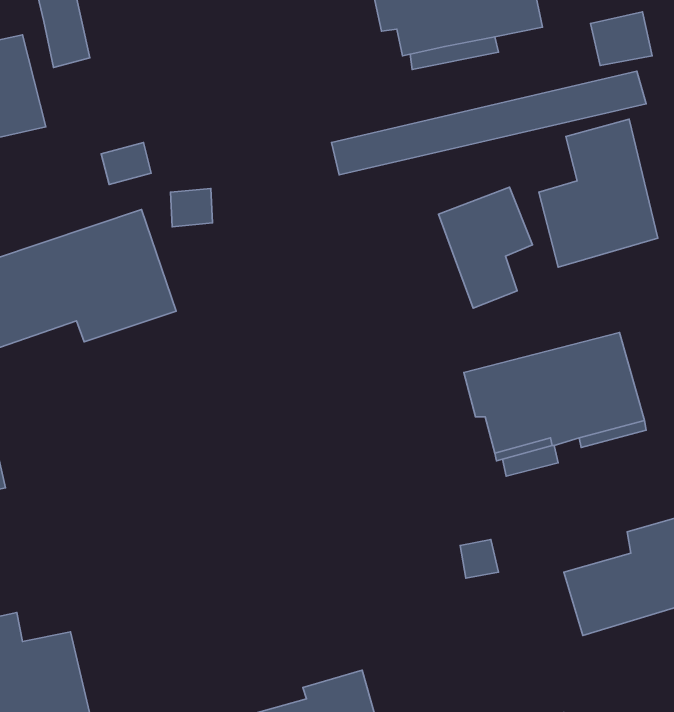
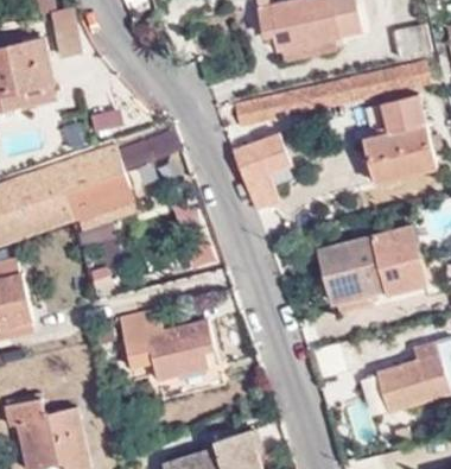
building: [438,187,532,308] -> [231,133,290,208]
building: none -> [117,310,214,380]

